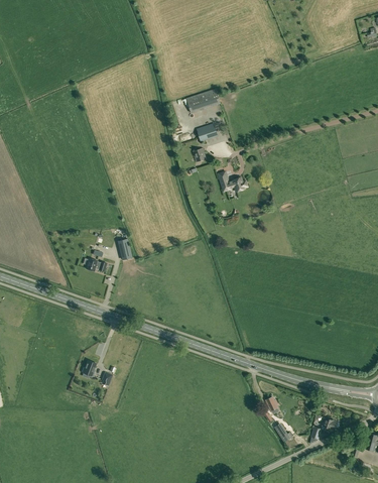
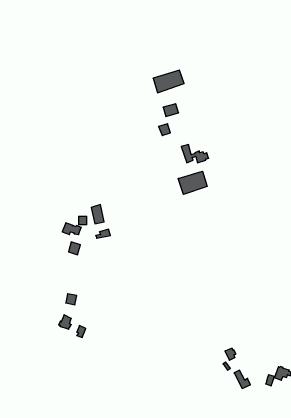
building: none -> [178,171,207,194]

